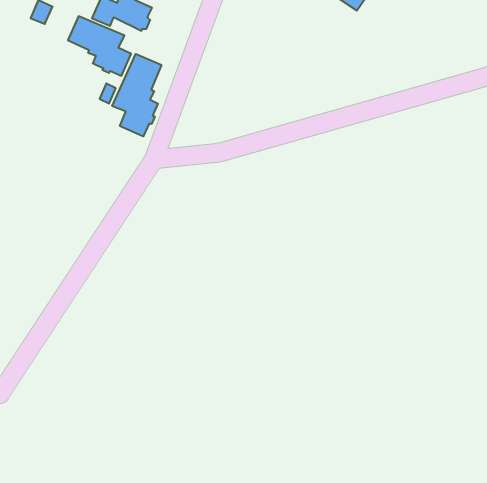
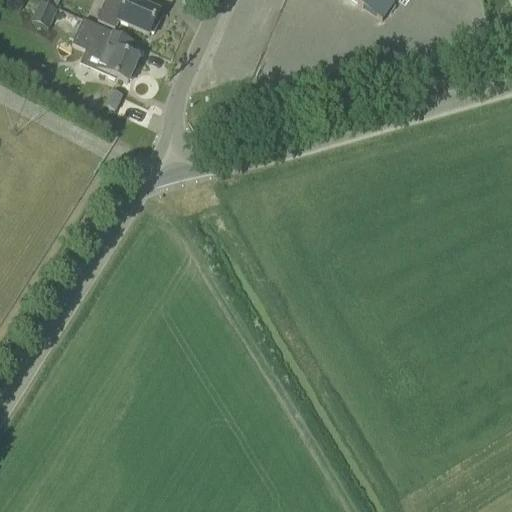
building: [112,54,161,136] -> none

